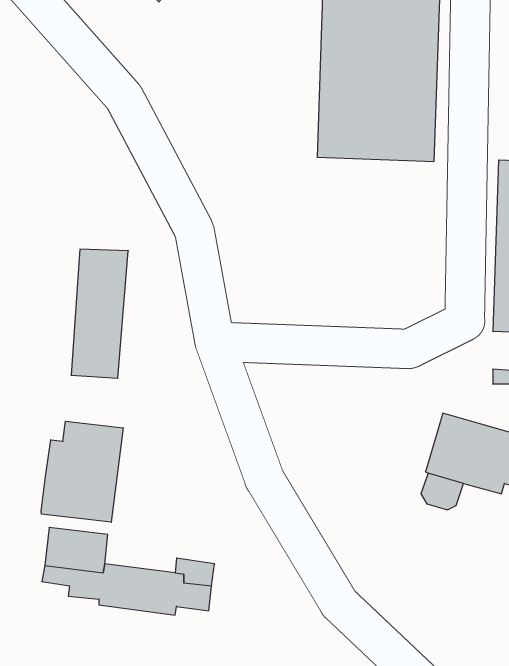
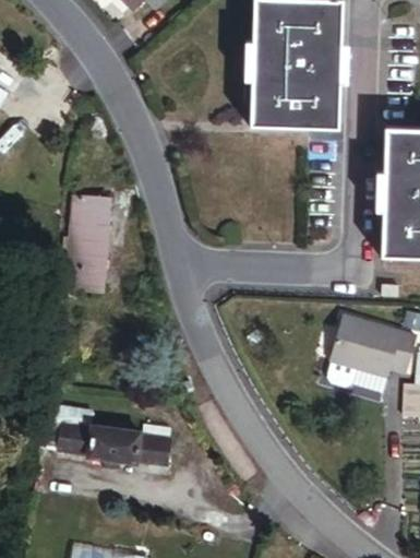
building: [41,421,123,522] -> none

